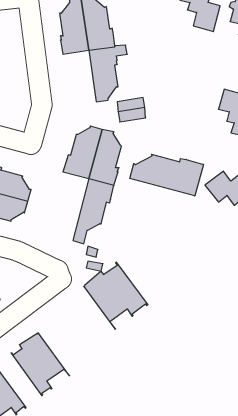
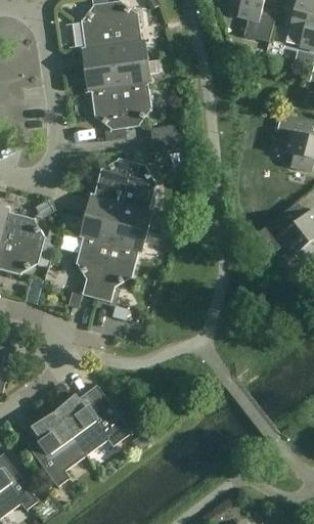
building: none -> [84,64,125,130]
building: [130,154,203,196] -> none
building: none -> [75,214,116,298]
building: [84,262,148,329] -> [54,382,133,464]

